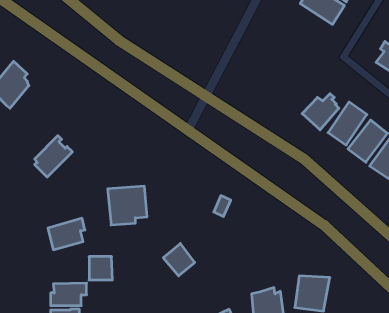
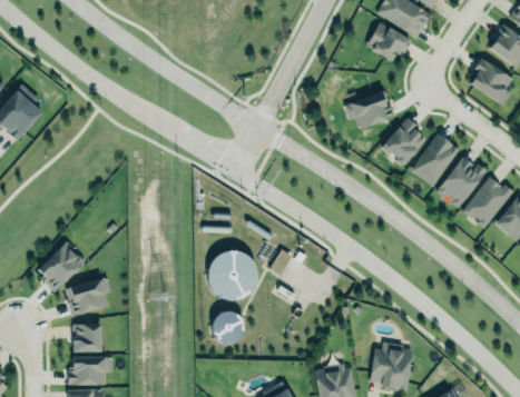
building: none -> [365,21,410,60]
building: none -> [345,89,396,128]
building: [35,136,72,177] -> [38,240,85,291]
building: [108,186,147,225] -> [207,250,256,298]
building: [89,257,112,280] -> [72,322,101,351]

